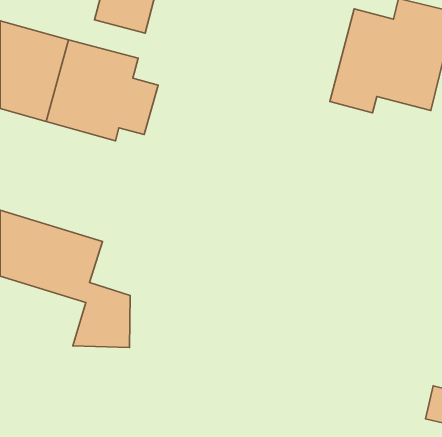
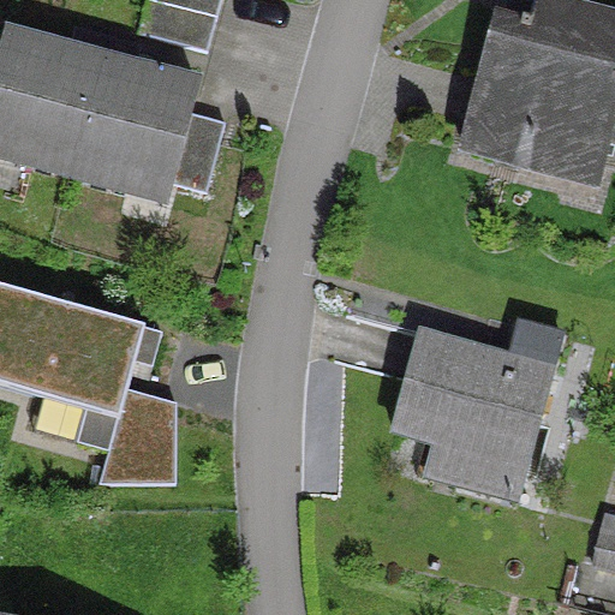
building: none -> [390,328,548,494]

